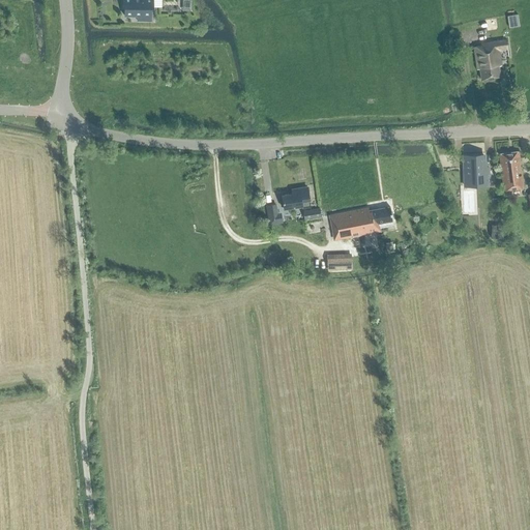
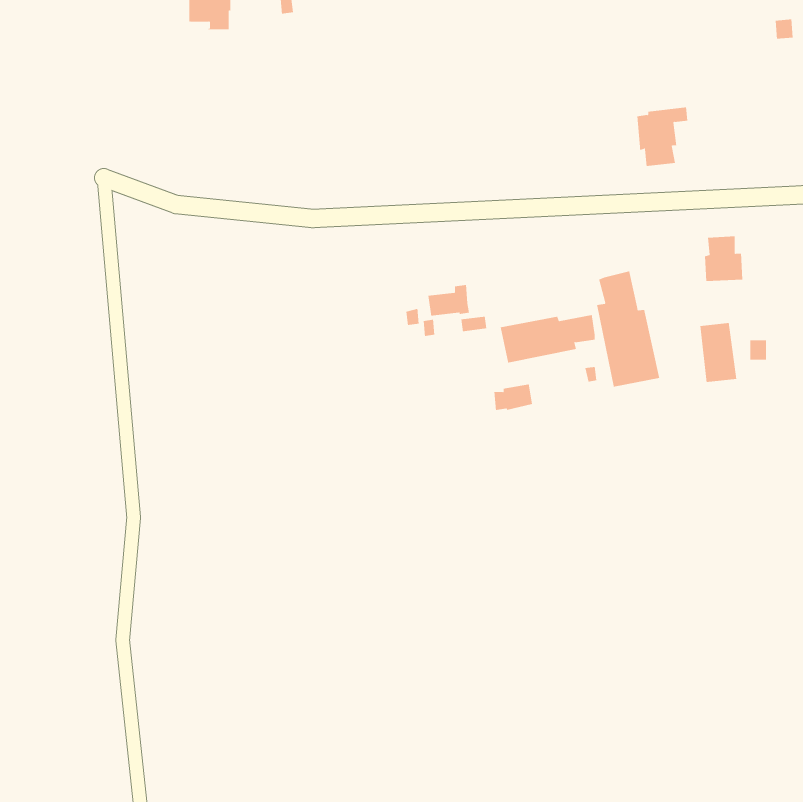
building: [474,39,508,79] -> [636,107,688,166]
building: [499,151,524,190] -> [700,323,737,382]
building: none -> [597,270,660,387]

